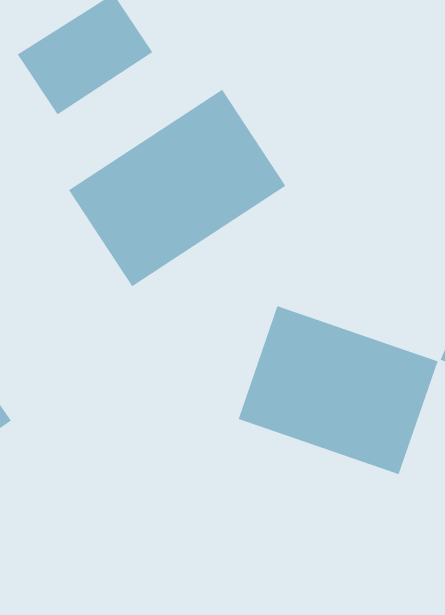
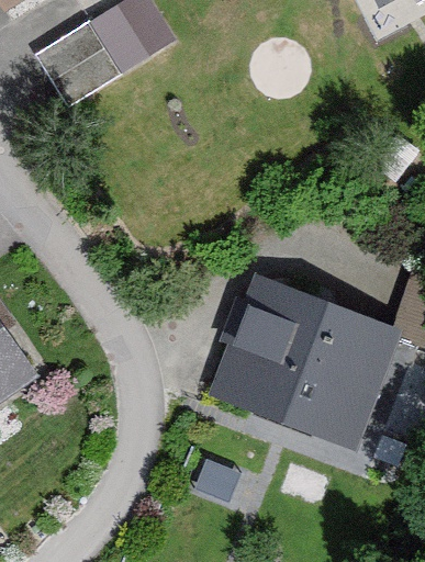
building: [68,89,286,287] -> none

